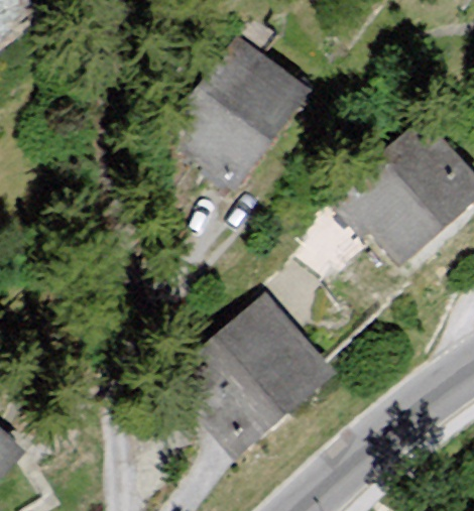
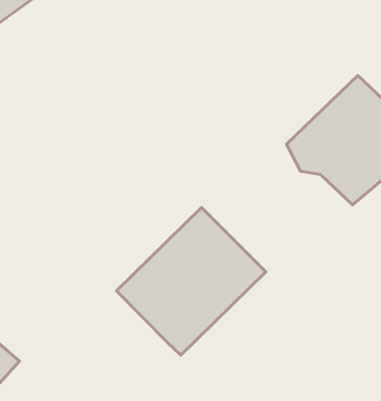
building: [174,46,329,202] -> none

